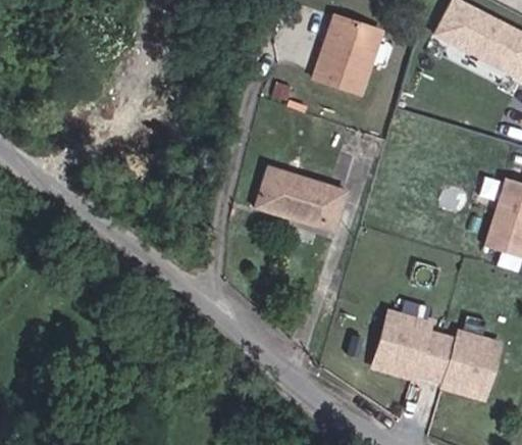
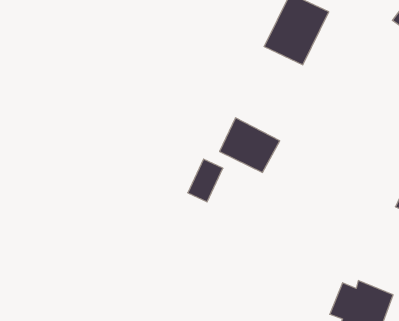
building: [255,163,291,211] -> [188,159,223,202]
building: [372,316,439,380] -> none

